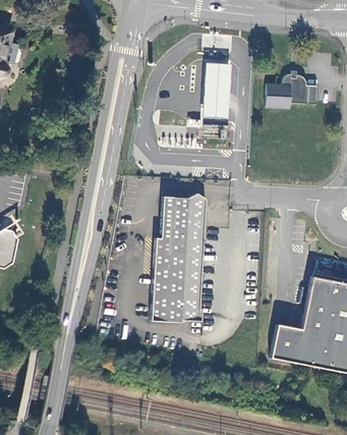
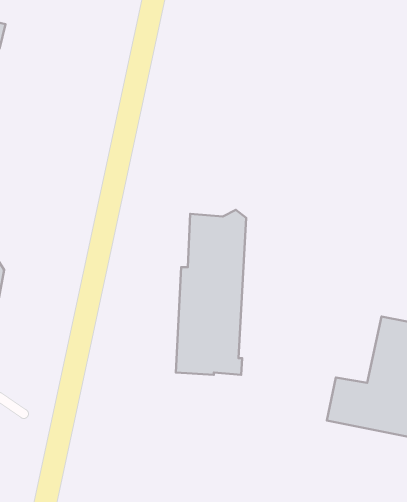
building: [204,61,232,118] -> none
building: [265,73,316,109] -> none

